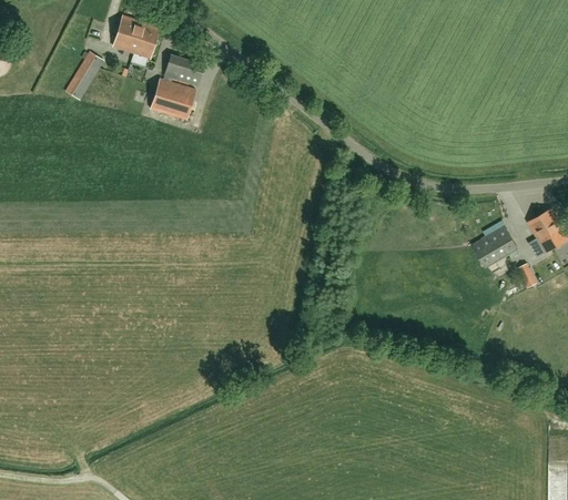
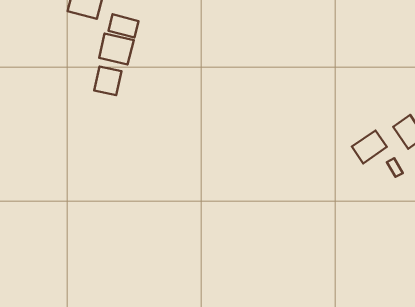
building: [65,52,103,100] -> none
building: none -> [94,66,122,95]

